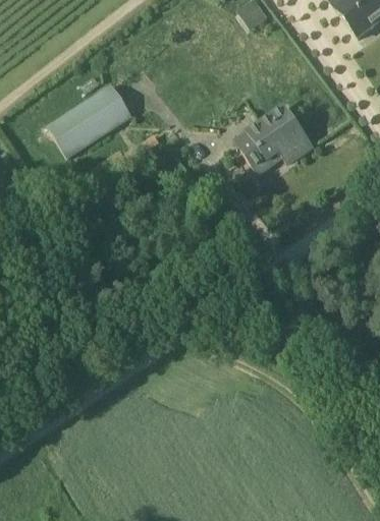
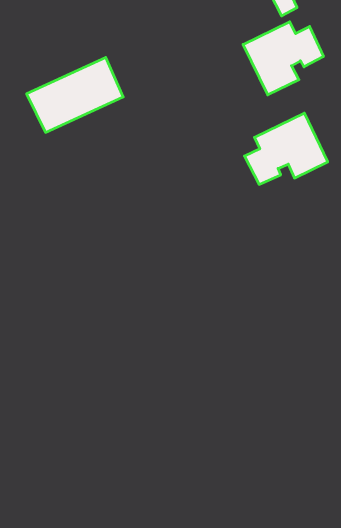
building: none -> [243,22,323,95]

